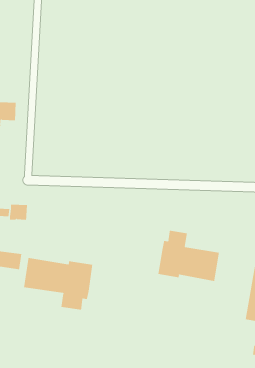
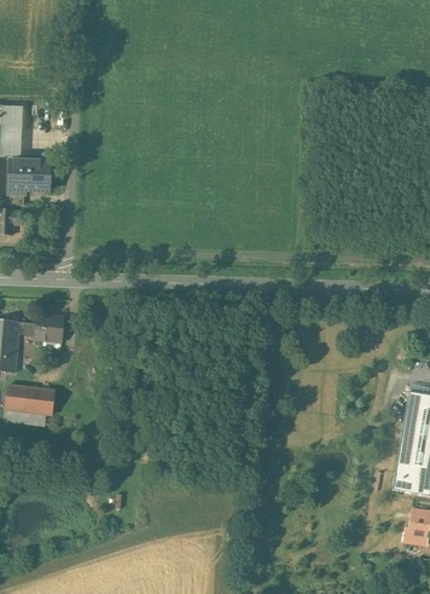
building: [158,230,220,282] -> none
building: [24,257,93,311] -> none

